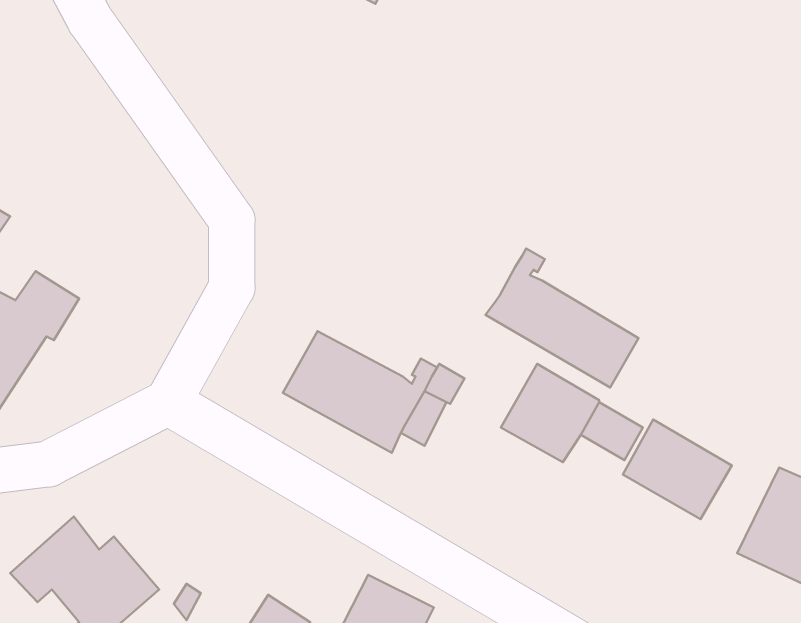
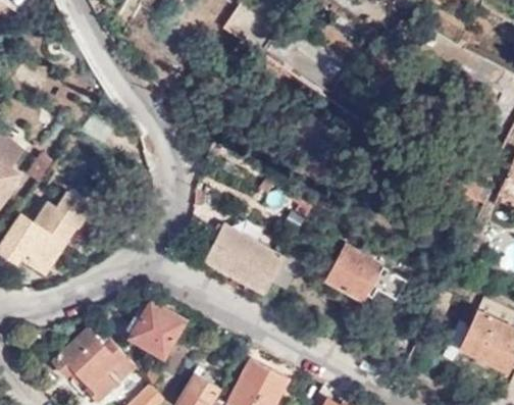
building: [486,248,638,388] -> none
building: [623,419,732,519] -> none
building: none -> [130,302,183,356]

